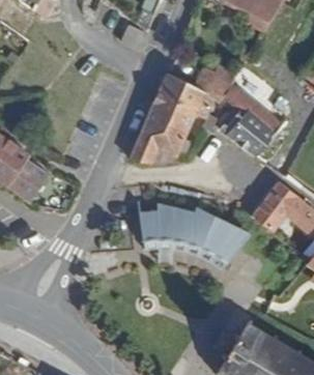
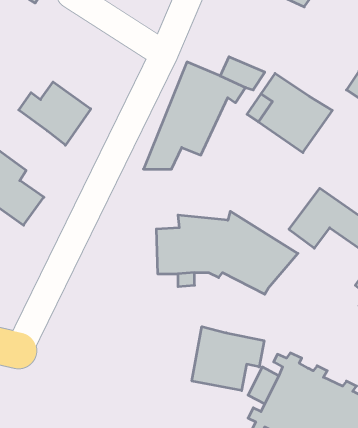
building: none -> [19,82,91,145]
building: none -> [192,327,264,391]

